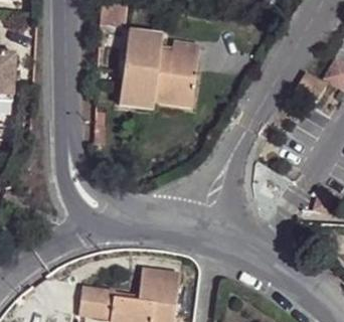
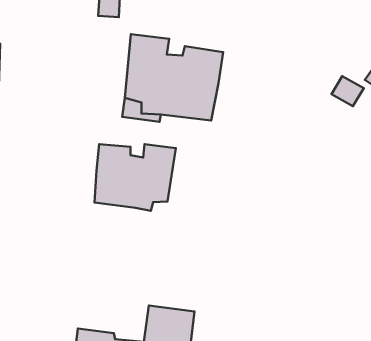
building: none -> [95,144,176,211]

